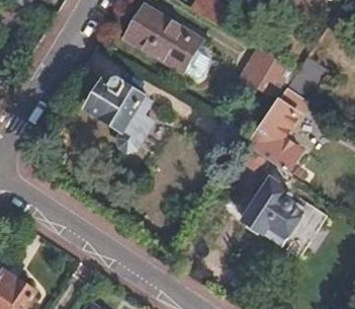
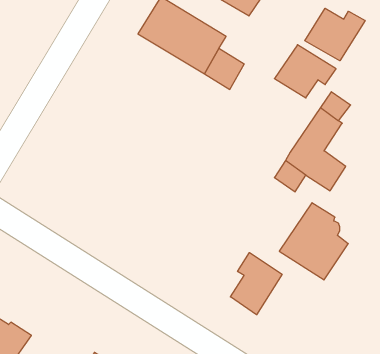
building: none -> [305,8,365,61]
building: [88,77,151,150] -> none
building: none -> [230,253,282,315]

